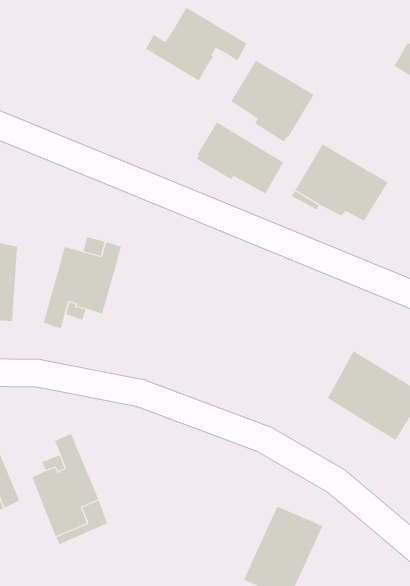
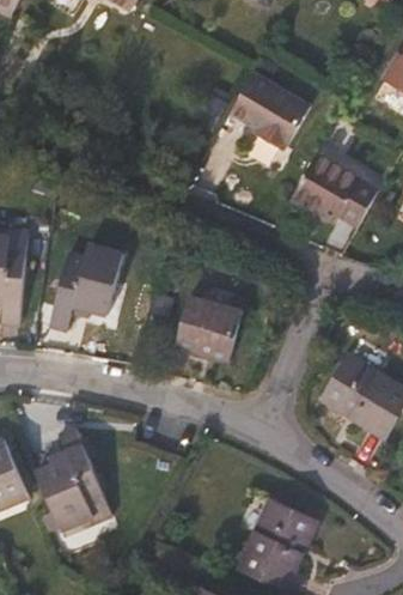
building: [145,7,247,82] -> none
building: [196,121,284,194] -> none
building: none -> [176,298,242,359]

